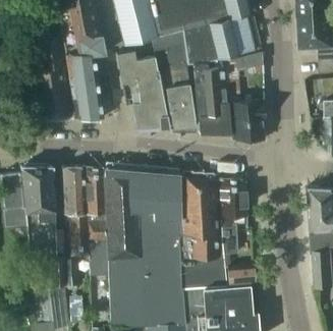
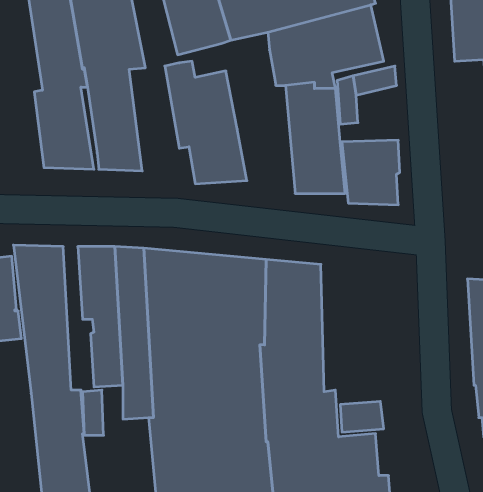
building: [152,32,196,129] -> none
building: [219,179,246,253] -> none

